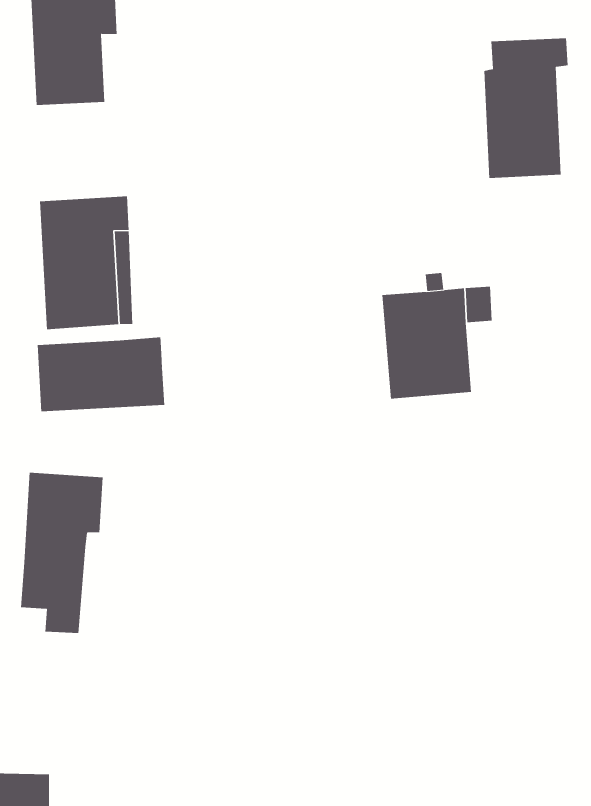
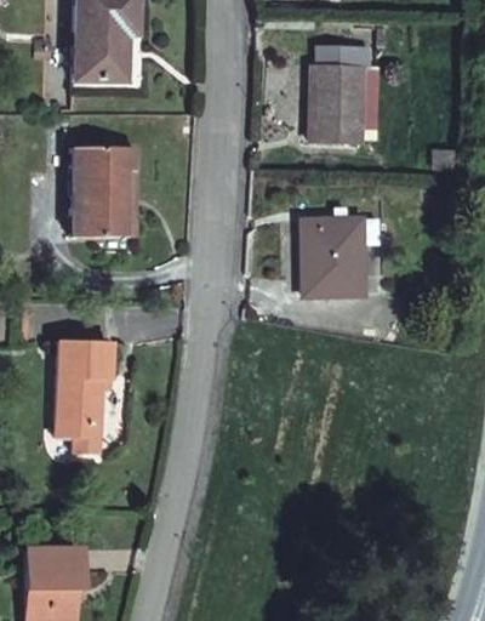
building: [483,38,569,178] -> [312,39,371,137]
building: [37,337,165,412] -> none

